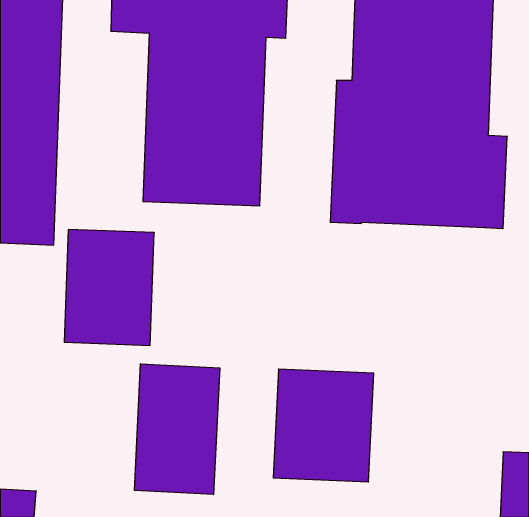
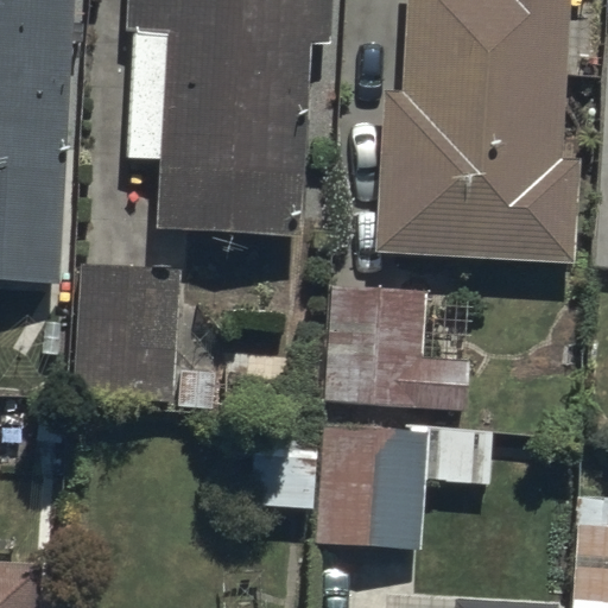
building: none -> [325,285,426,405]
building: [135,364,220,495] -> none

